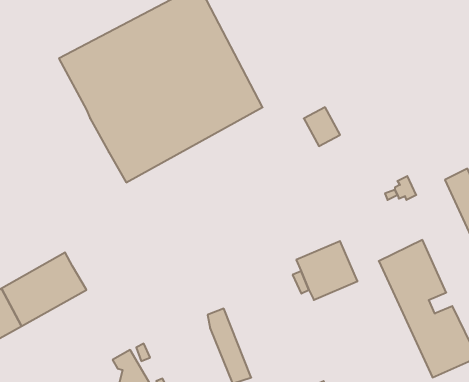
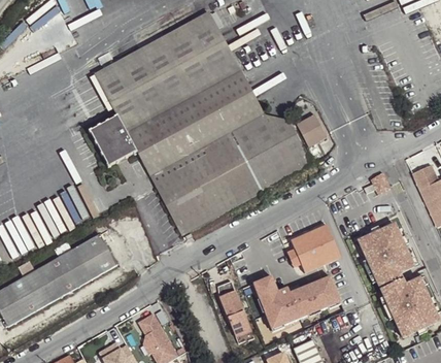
building: none -> [149,113,311,234]
building: none -> [89,116,135,165]
building: none -> [252,274,338,326]

